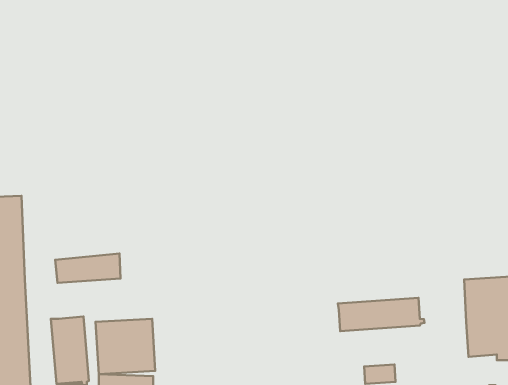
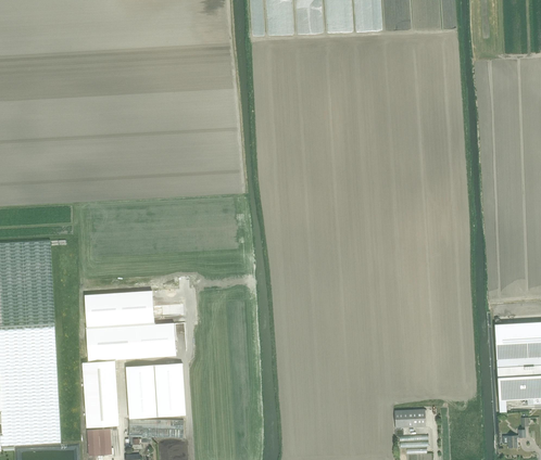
building: none -> [86,322,176,362]
building: [338,298,425,331] -> none

